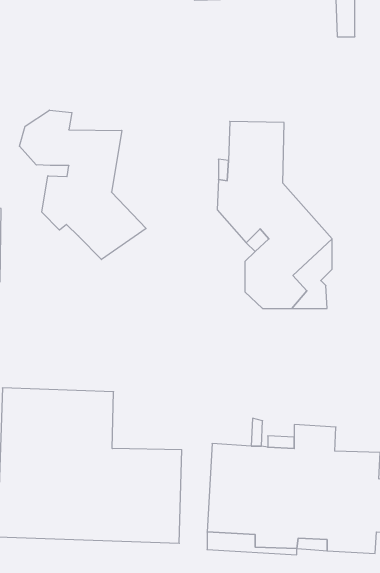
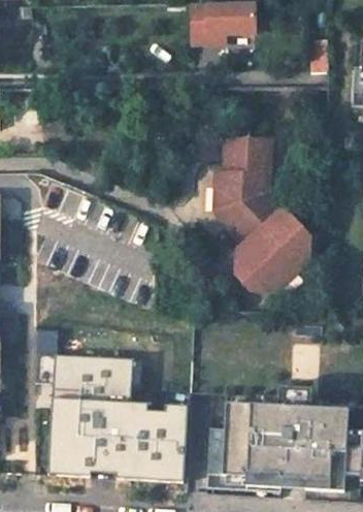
building: [19,110,146,260] -> none

